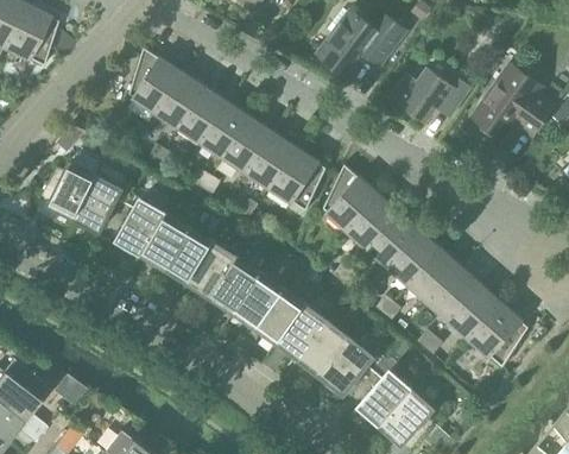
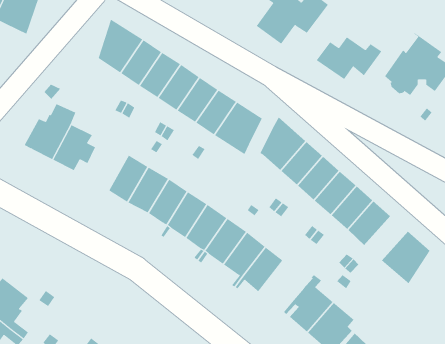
building: [116,198,165,254] -> none
building: [449,285,501,339] -> none
building: [322,339,386,401] -> none

